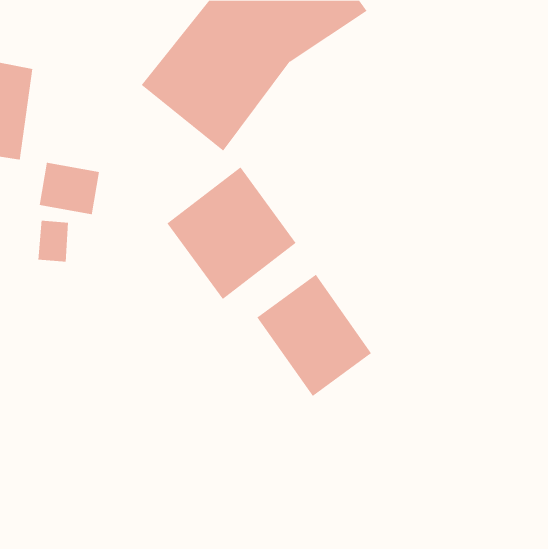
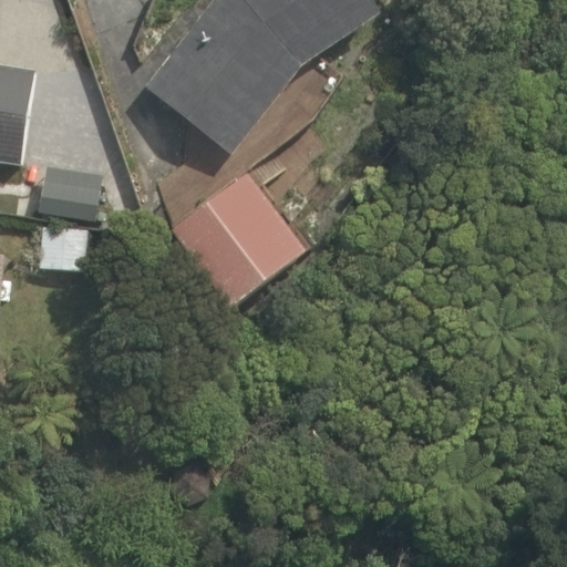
building: [257,274,372,397] -> none

